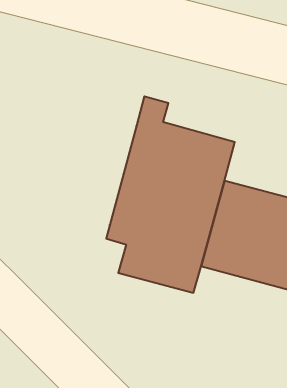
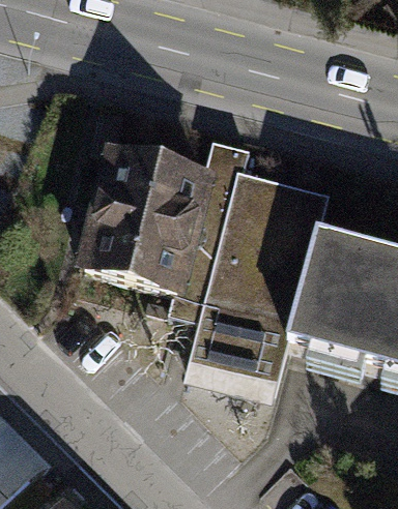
building: none -> [73,149,202,294]

